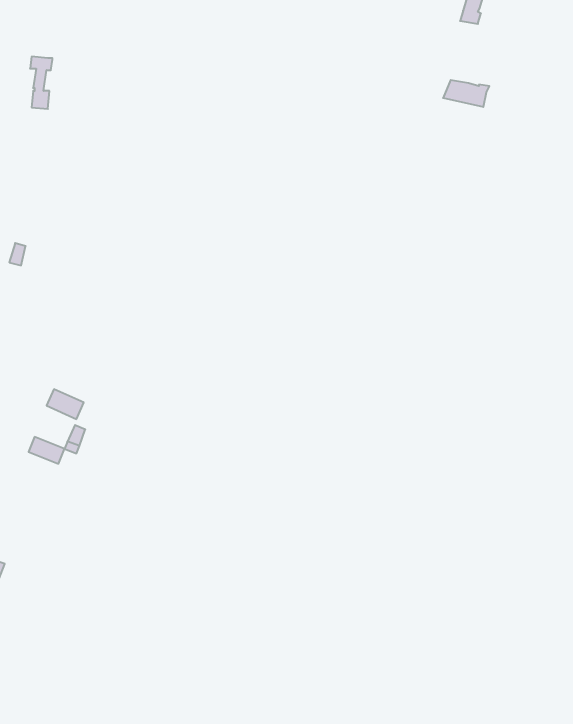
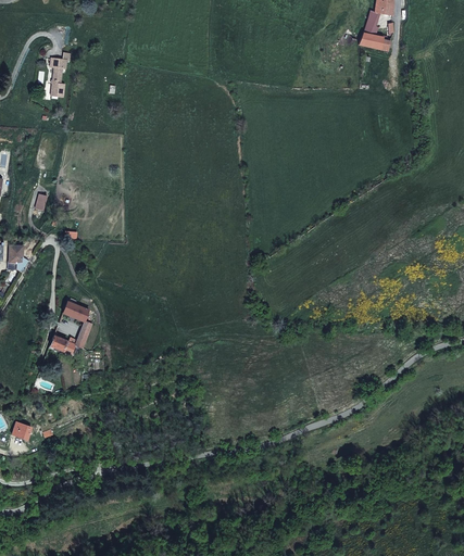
building: [443,80,489,107] -> [358,33,391,52]

